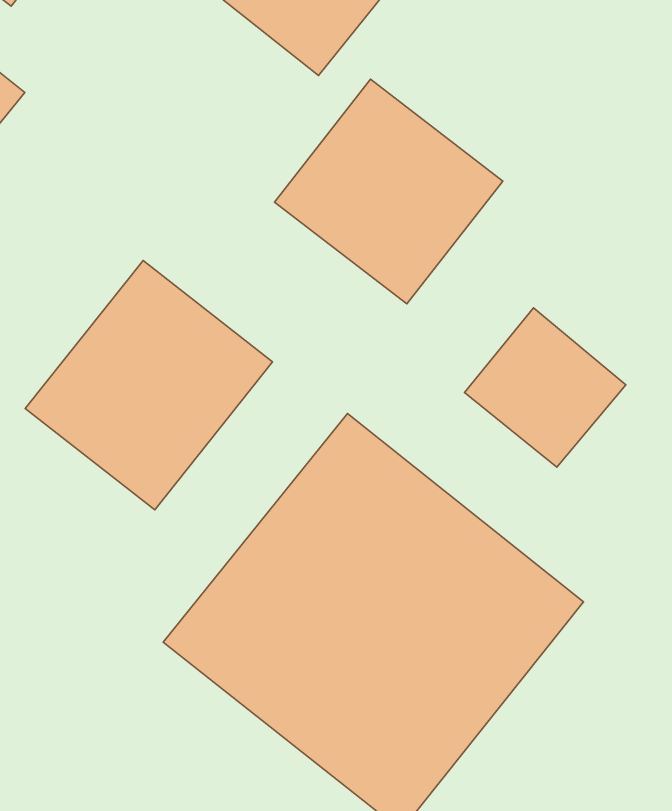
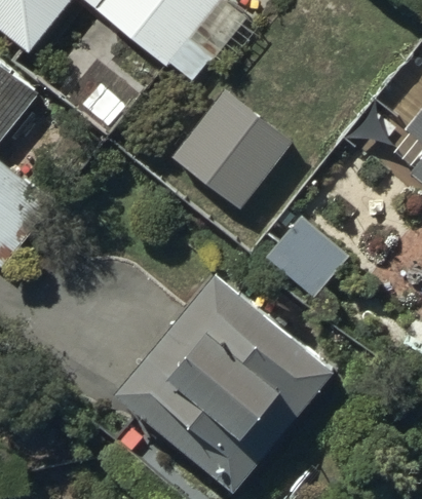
building: [25,260,273,510] -> none

